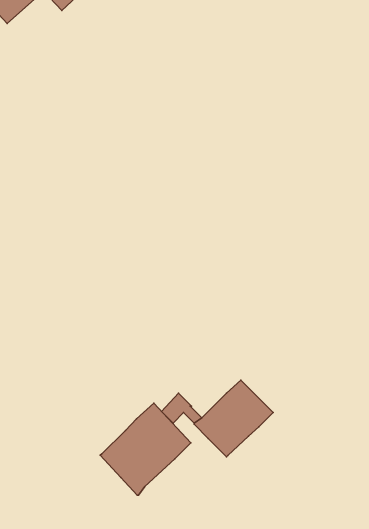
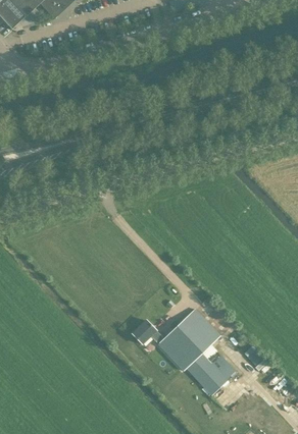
building: [100,403,191,495] -> none
building: none -> [185,352,228,394]

